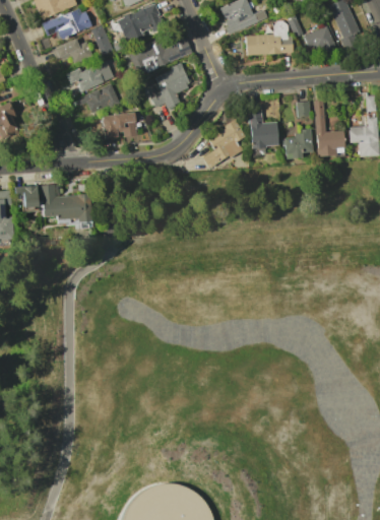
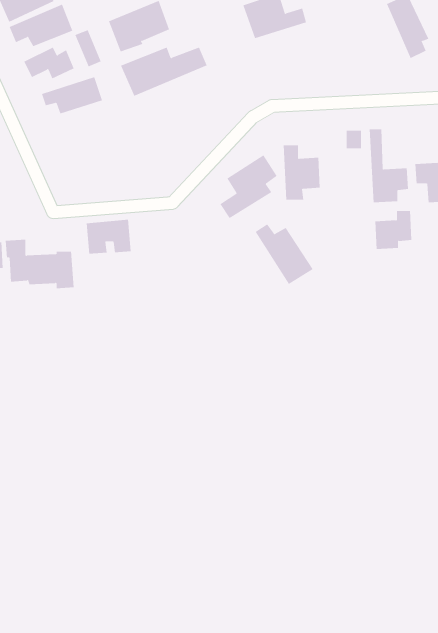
building: [245,20,293,55] -> none
building: [304,25,335,57] -> none
building: [146,64,190,108] -> none
building: [78,84,119,116] -> none
building: [102,112,136,138] -> [86,219,132,254]
building: [283,129,312,158] -> [375,211,412,249]
building: none -> [255,224,314,285]

